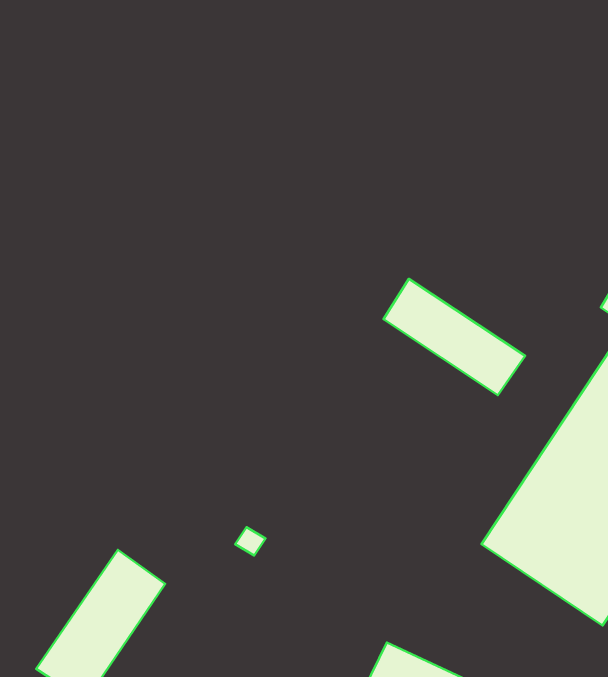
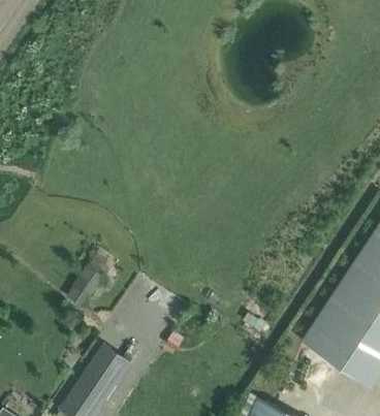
building: [384,279,525,395] -> none
building: none -> [72,266,104,299]

